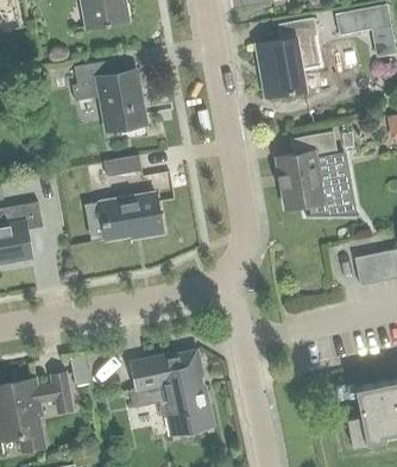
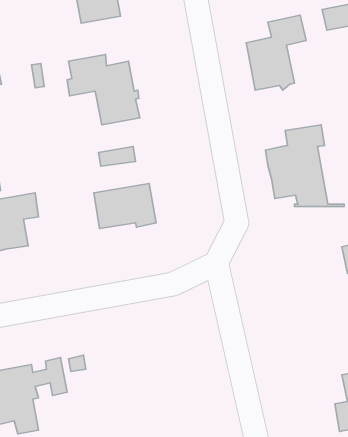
building: [130,353,214,436] -> none

